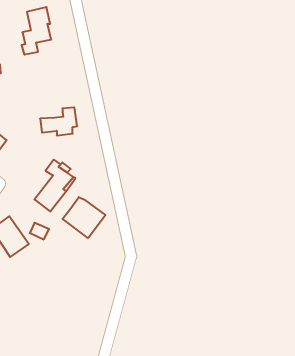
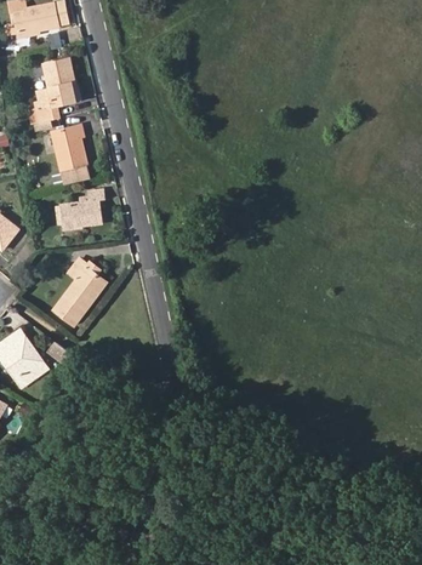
building: none -> [52,125,90,183]
building: [63,197,105,238] -> none

